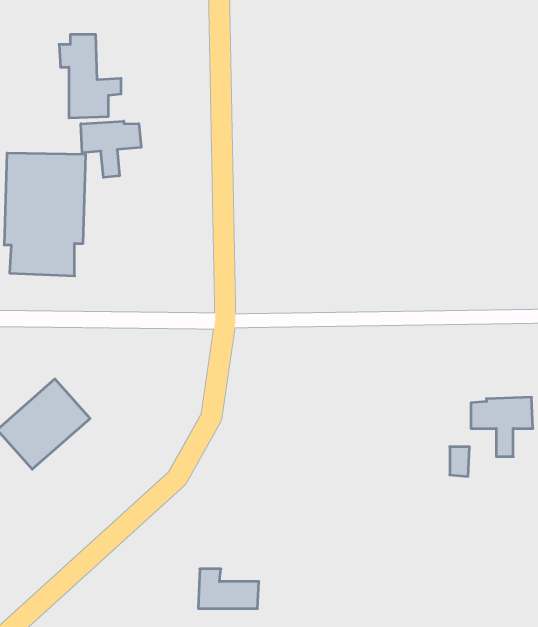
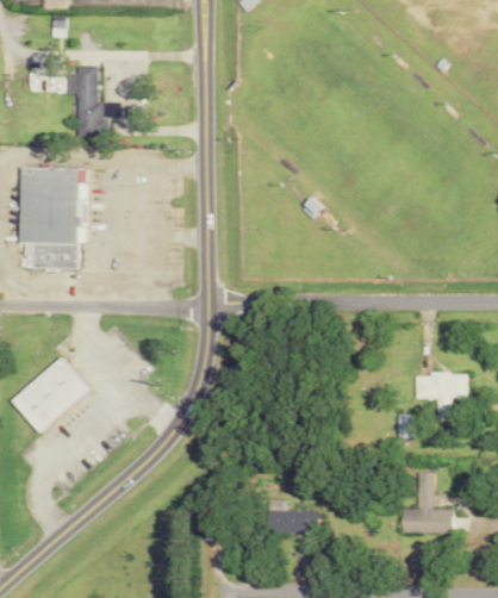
building: [81,121,141,177] -> none
building: none -> [399,472,453,532]
building: [198,569,259,608] -> [266,499,317,532]

